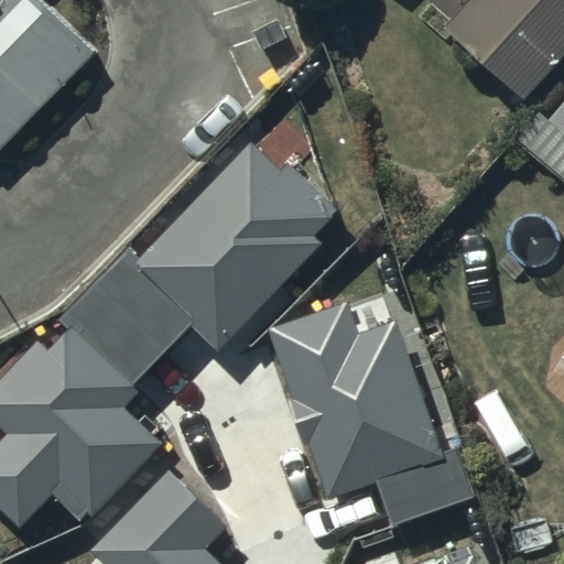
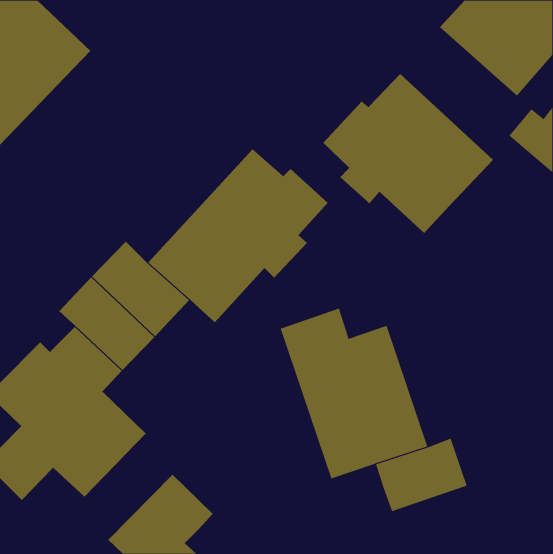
building: none -> [322,73,494,234]

